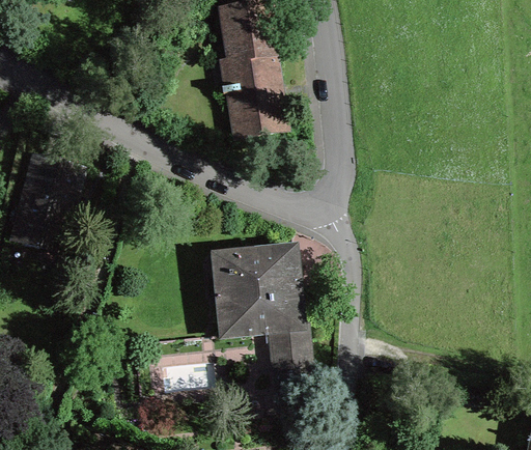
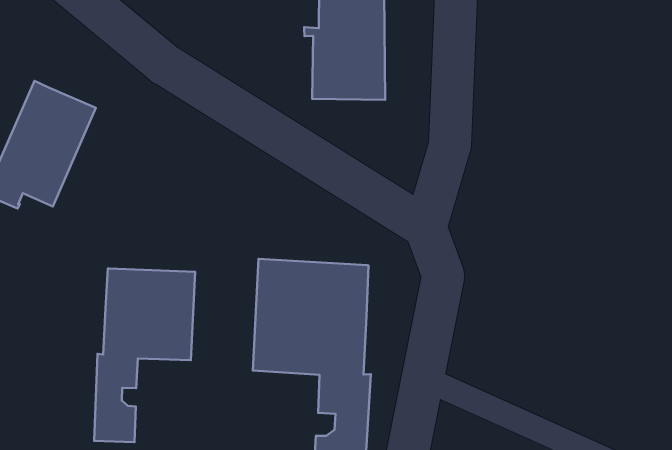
building: none -> [94,268,195,442]

